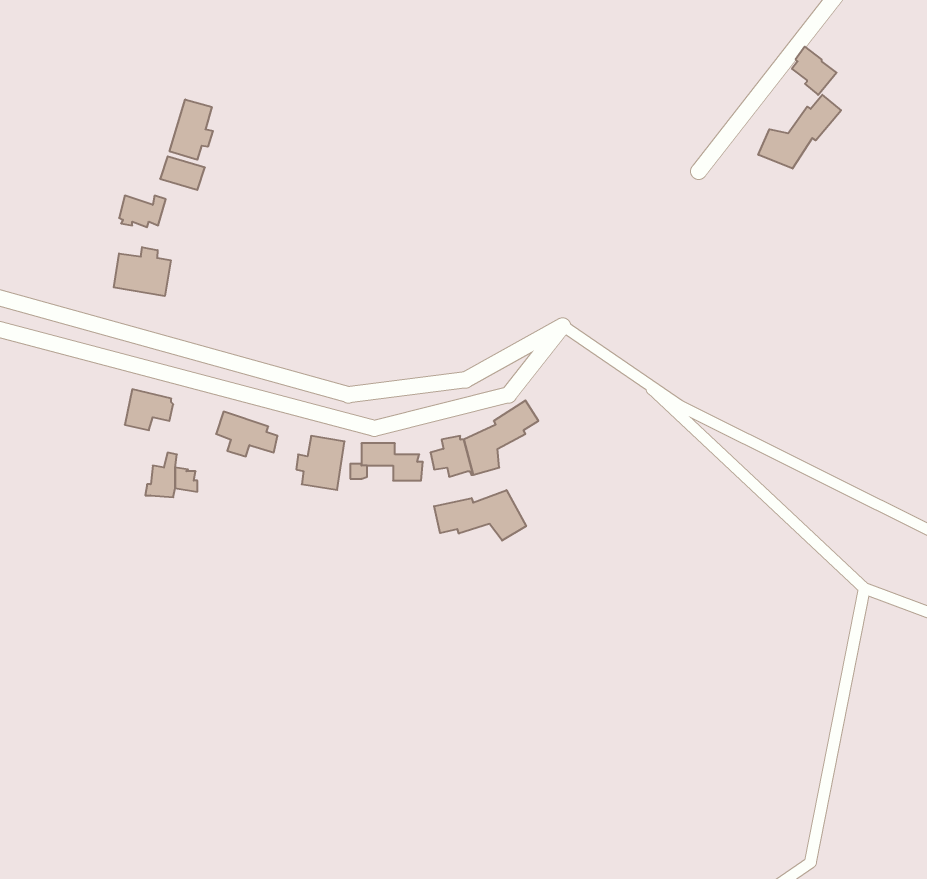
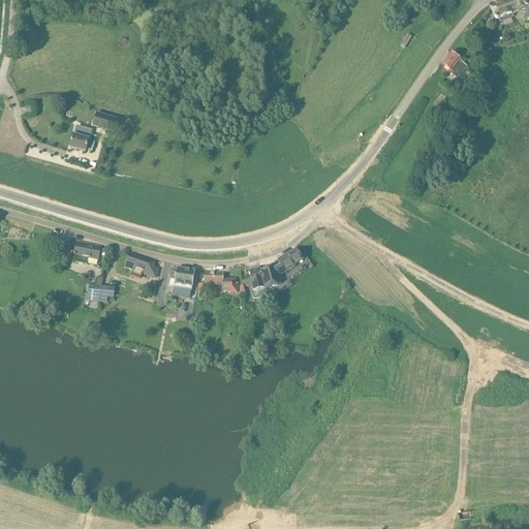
building: [758,95,841,169] -> none
building: [170,99,213,160] -> none
building: [114,247,171,296] -> none
building: [434,490,526,541] -> none

